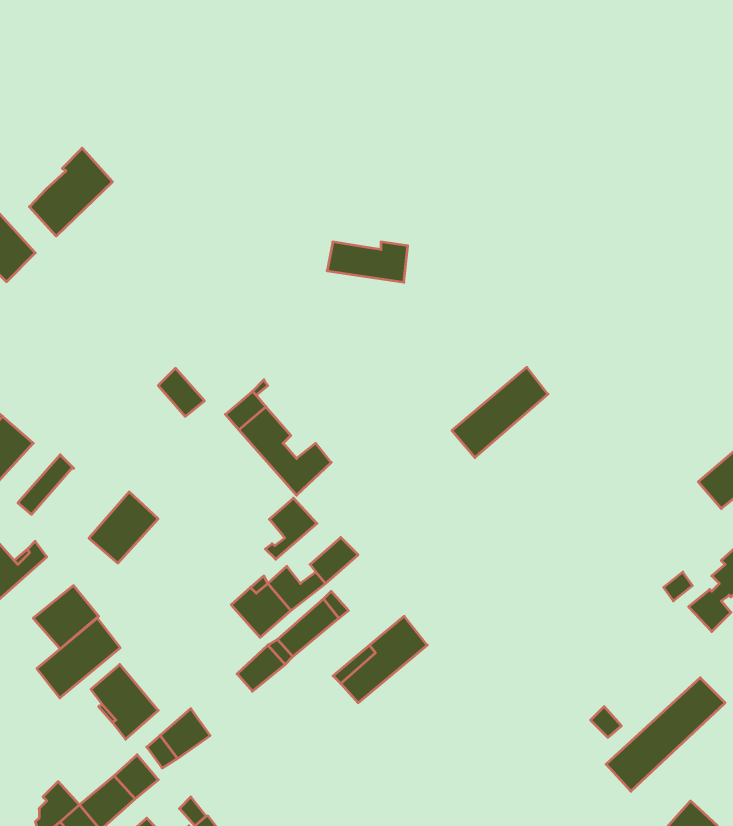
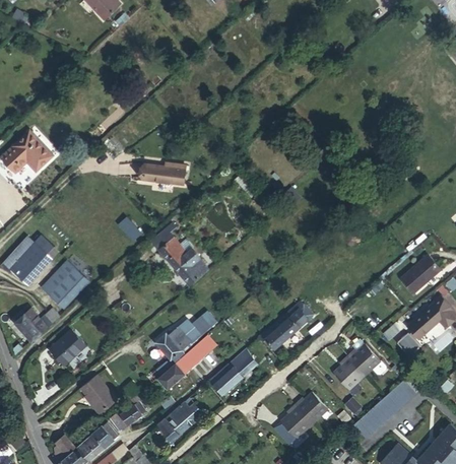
building: [29,148,112,236] -> none
building: [327,242,408,282] -> [142,165,185,187]
building: [452,367,548,458] -> [262,302,313,349]
building: [89,492,158,563] -> [50,270,86,308]
building: [265,498,317,559] -> none
building: none -> [332,340,384,386]
building: [37,618,120,698] -> none
building: none -> [283,394,331,440]
building: none -> [157,402,203,442]

